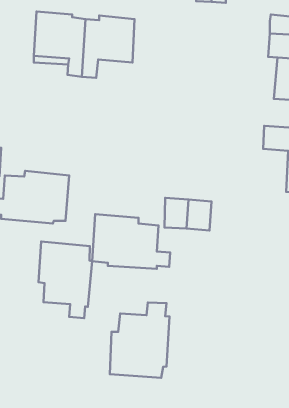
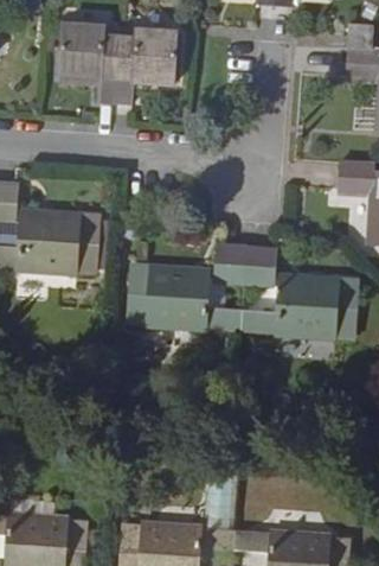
building: none -> [255,281,354,346]
building: [39,242,92,318] -> none
building: [110,302,170,378] -> none

